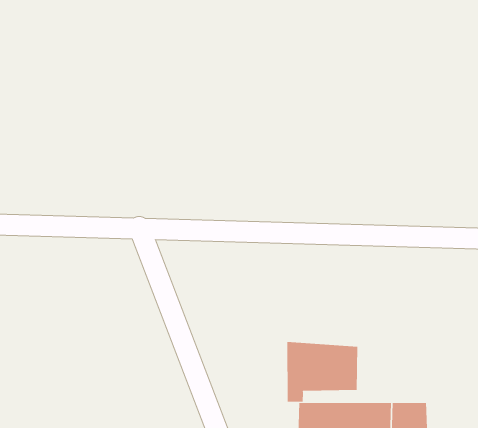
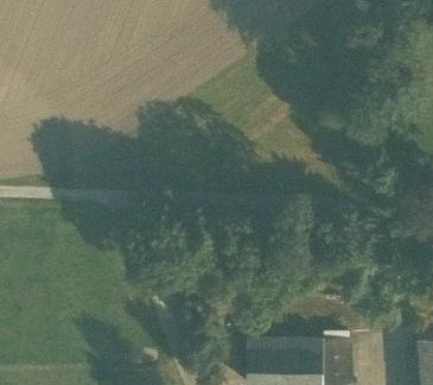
building: [287,341,358,402] -> none

